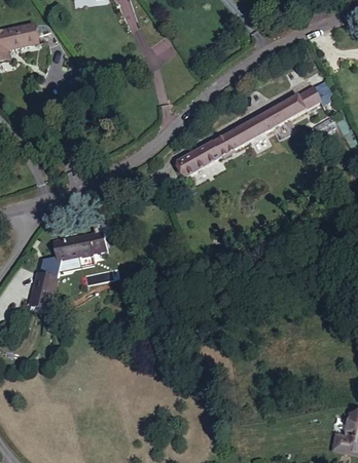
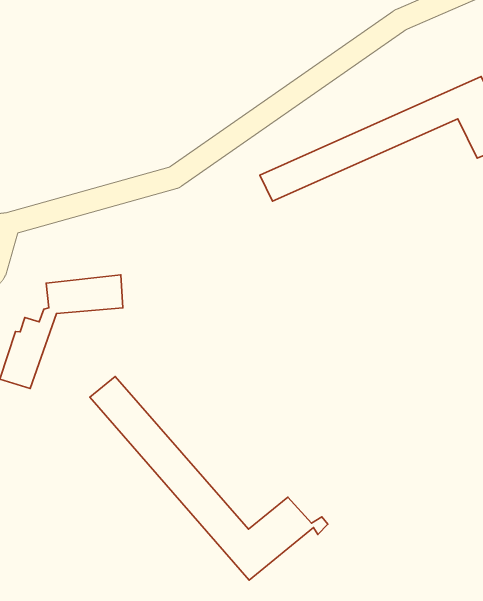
building: none -> [90,376,328,580]

